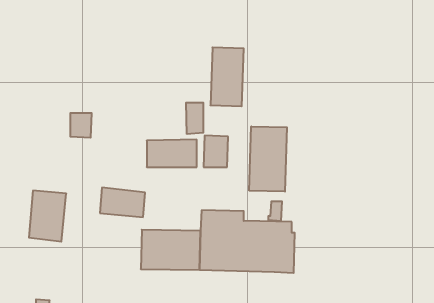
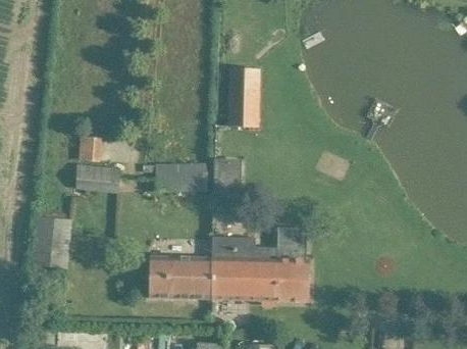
building: [186,103,203,134] -> none
building: [249,126,287,192] -> none
building: [100,188,145,217] -> [74,162,121,193]

